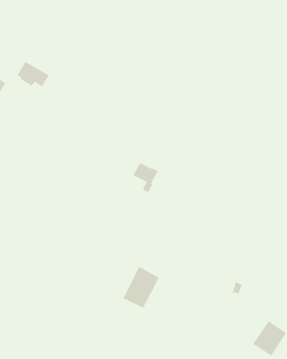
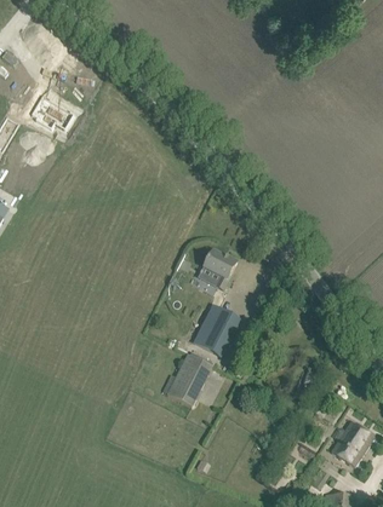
building: [132,162,159,194] -> [204,249,238,289]
building: none -> [194,304,241,355]

